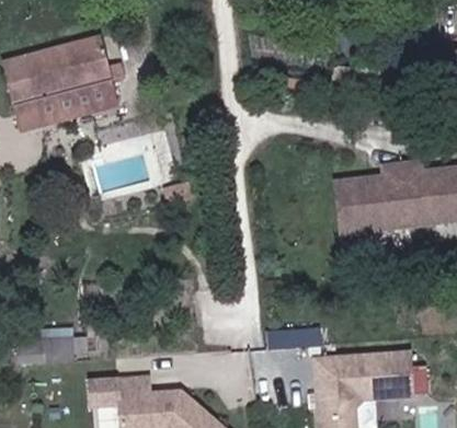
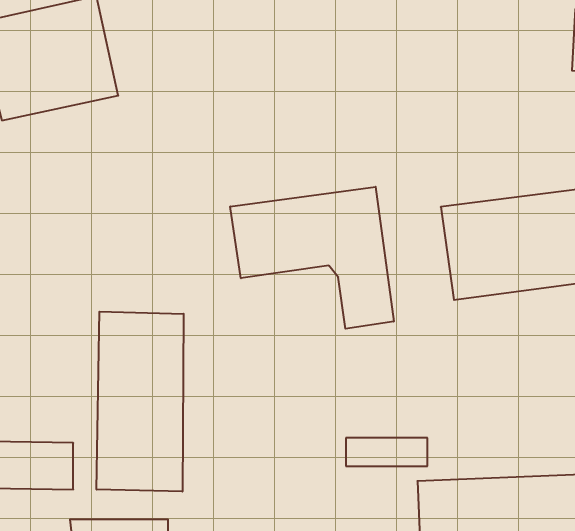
building: none -> [230,187,394,329]
building: none -> [97,312,184,492]

